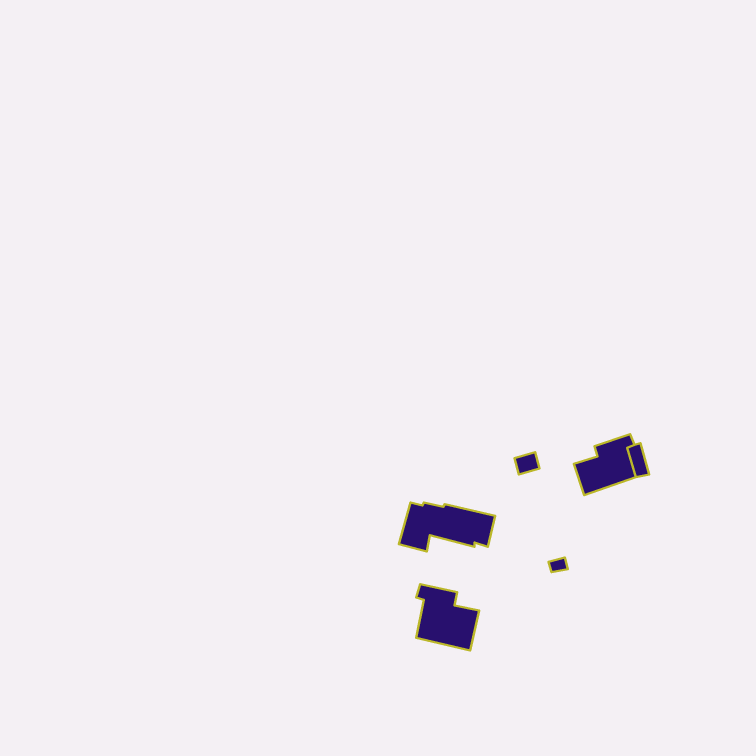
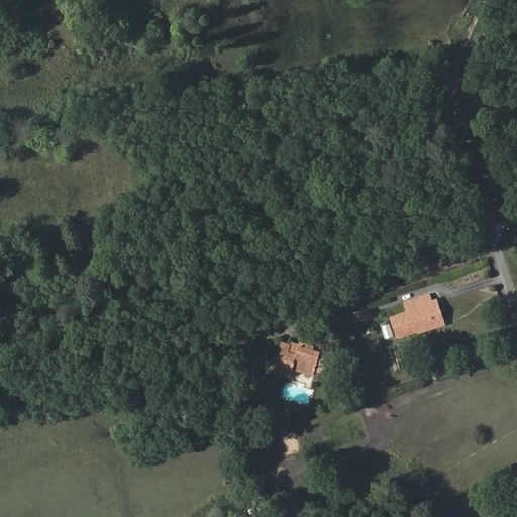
building: [416,584,479,651] -> none

